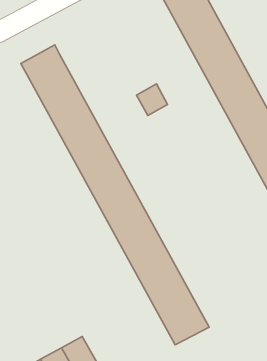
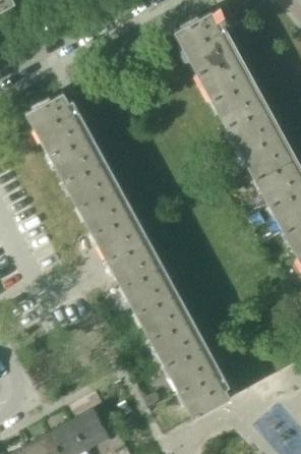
building: [136,84,168,116] -> none

